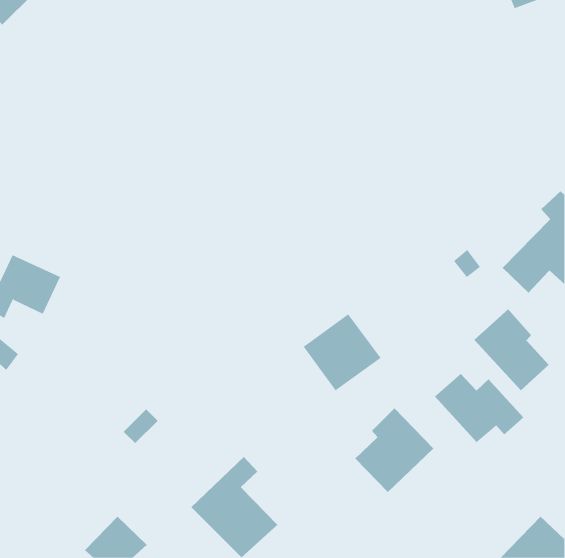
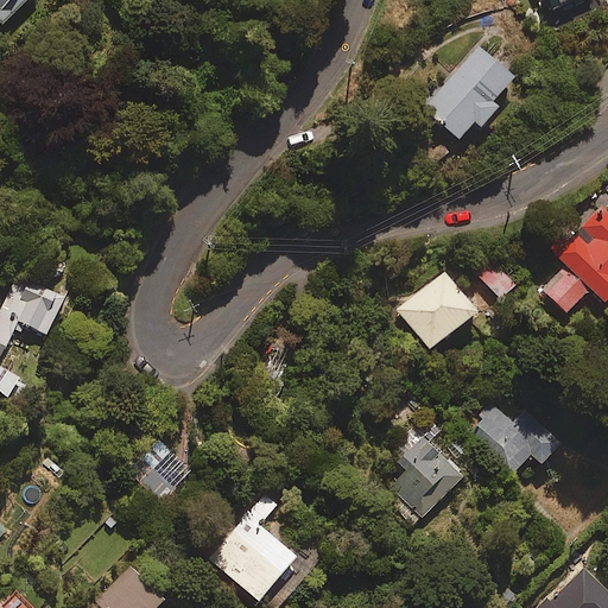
building: none -> [422,48,517,145]
building: [473,308,550,391] -> none
building: [303,314,382,391] -> [394,267,479,350]

